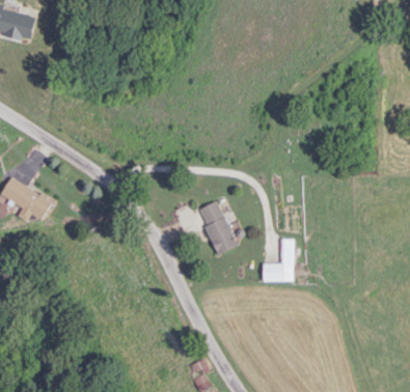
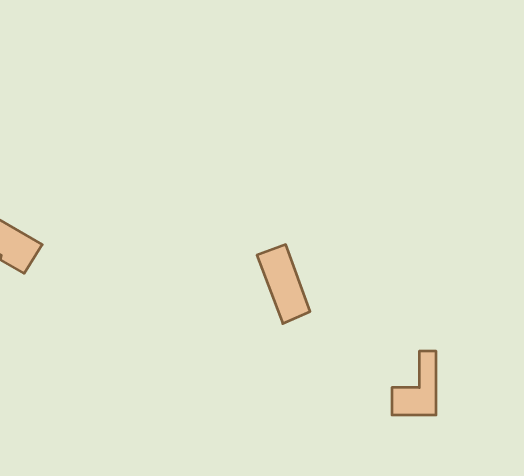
building: [263,237,293,281] -> [392,351,436,415]

